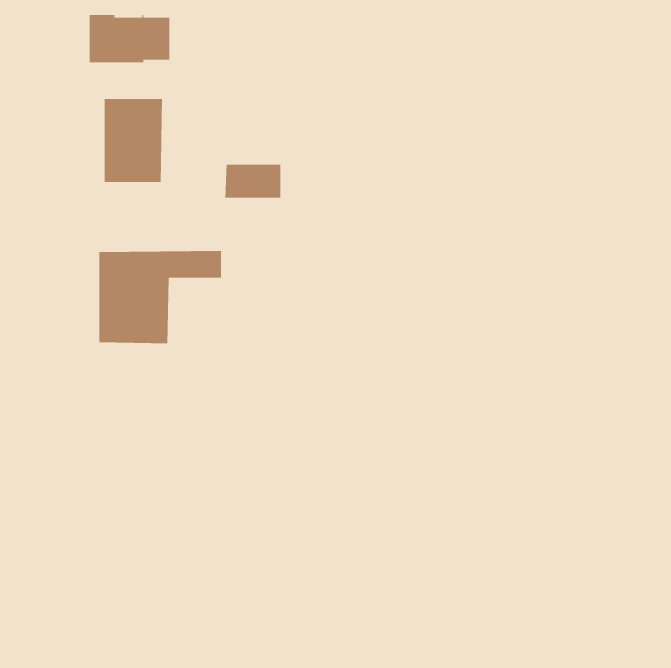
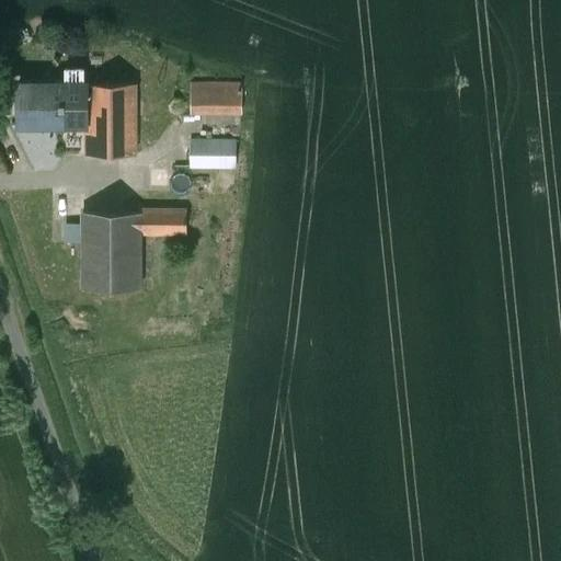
building: [89,14,170,63] -> [19,84,87,125]
building: none -> [191,84,241,114]

